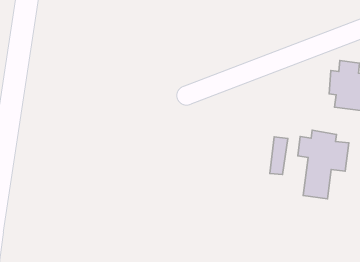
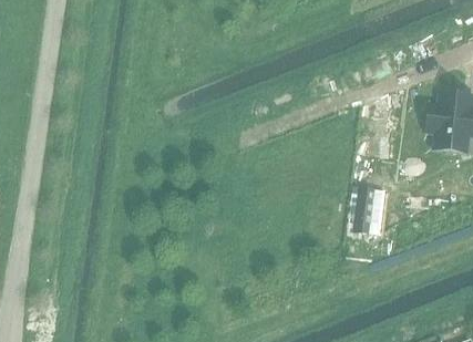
building: [298,130,349,199] -> none

